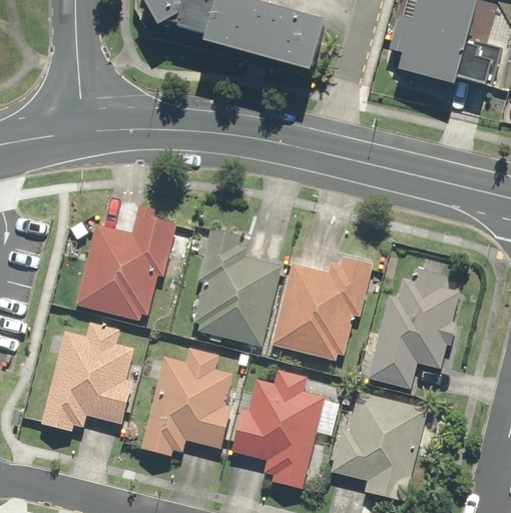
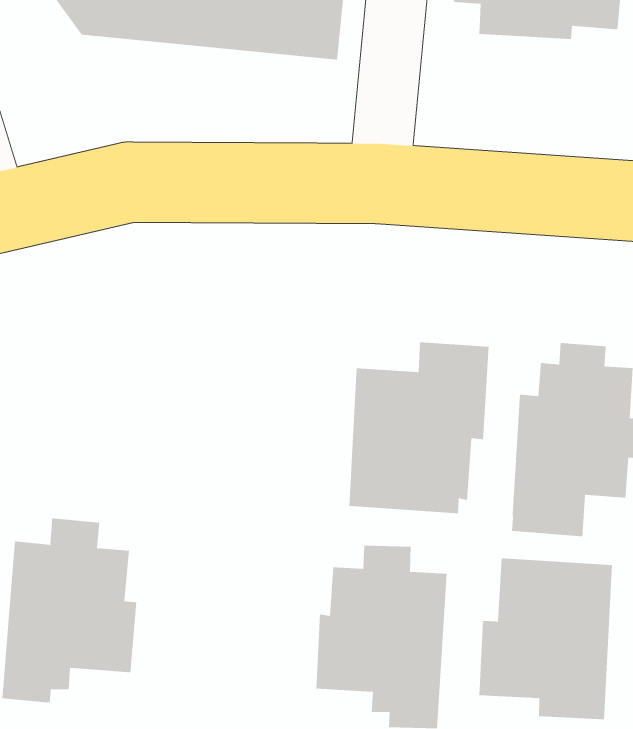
building: [75,204,178,321] -> none
building: [194,226,282,346] -> none
building: [142,348,231,454] -> none

